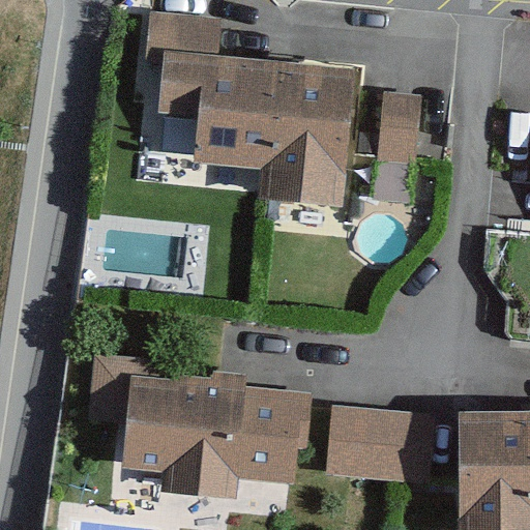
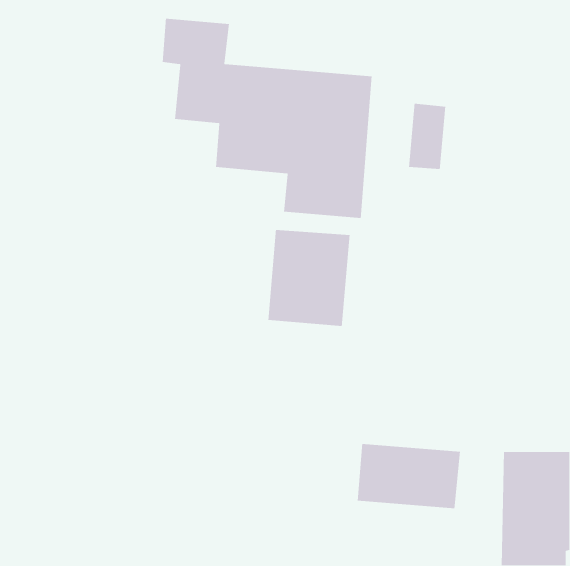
building: none -> [268,229,350,327]
building: [126,385,294,496] -> none

